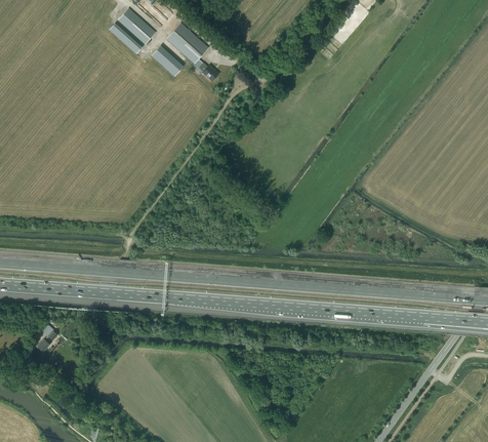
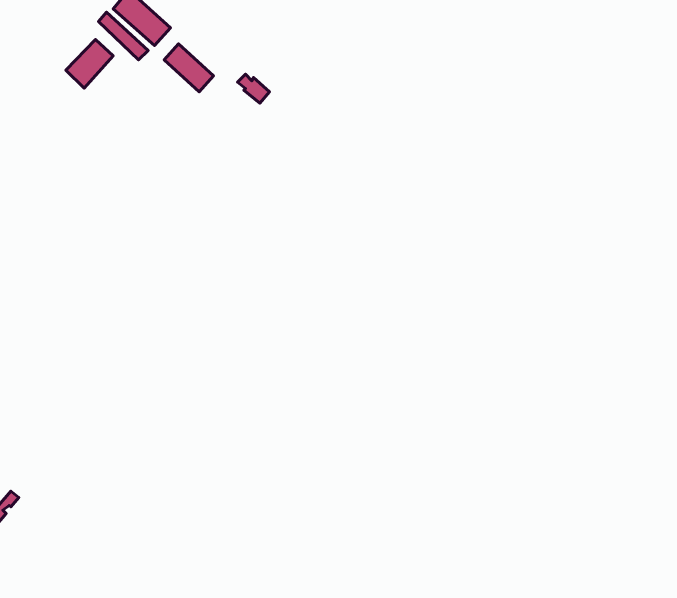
building: [166,23,208,64] -> none
building: none -> [66,39,113,88]

